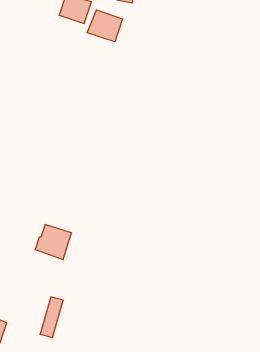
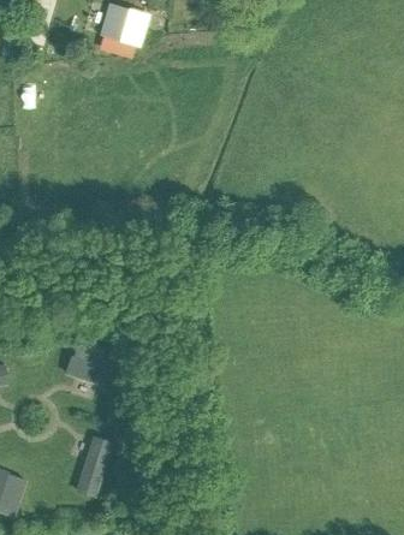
building: [87,10,123,42] -> none

